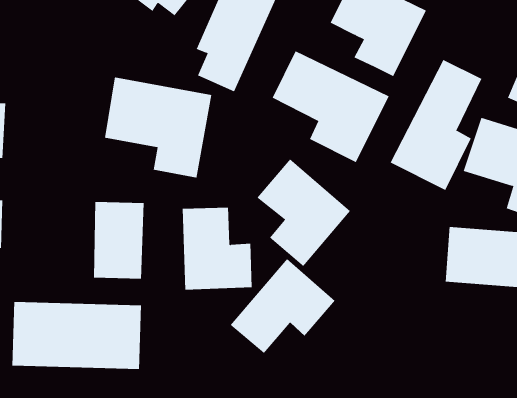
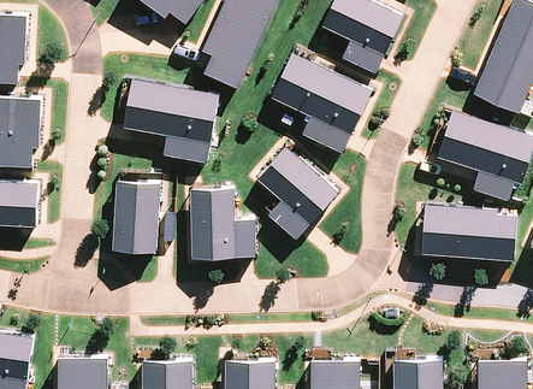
building: [390,59,482,191] -> none
building: [230,258,335,354] -> none
building: [12,301,141,370] -> none

